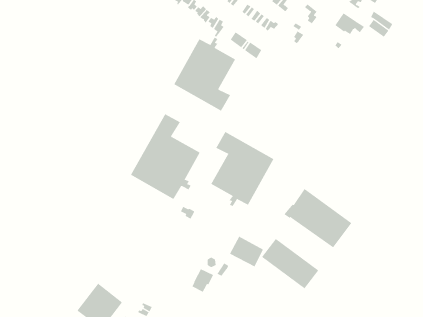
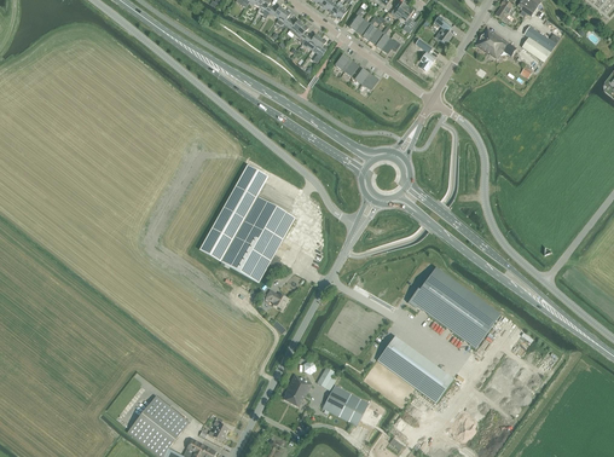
building: [173,37,236,111] -> none
building: [211,131,274,207] -> none
building: [229,236,264,267] -> [322,384,369,427]

